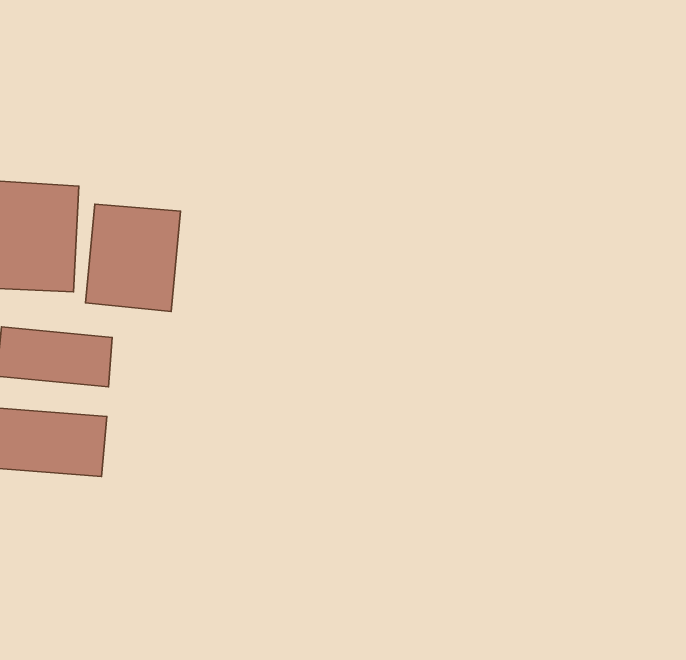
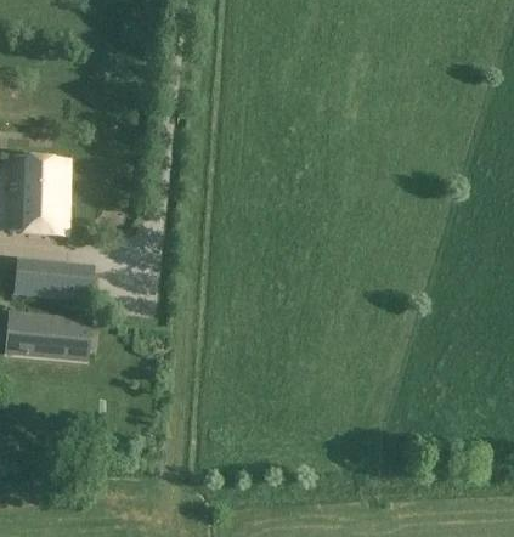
building: [86,204,180,312] -> none

